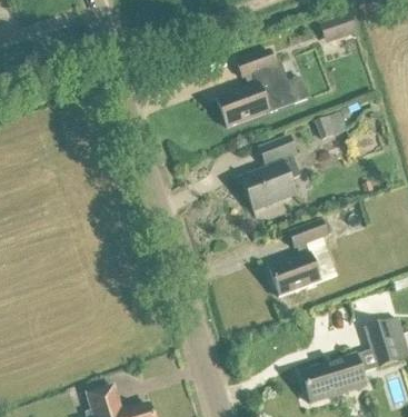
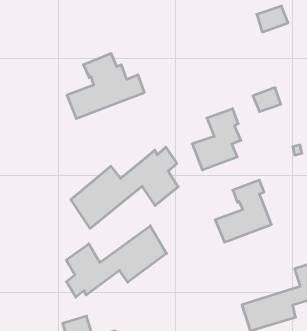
building: [216,49,309,127] -> [67,54,144,118]
building: none -> [71,147,178,228]
building: none -> [66,226,167,297]

